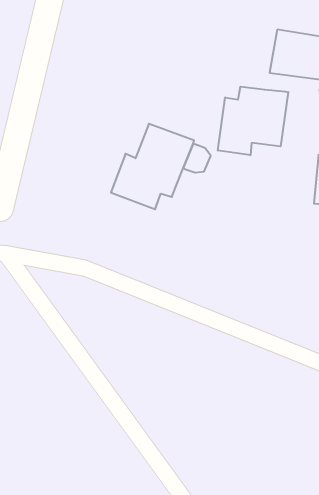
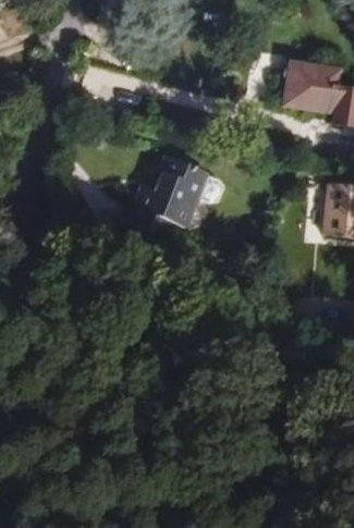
building: [218,87,288,155] -> none

